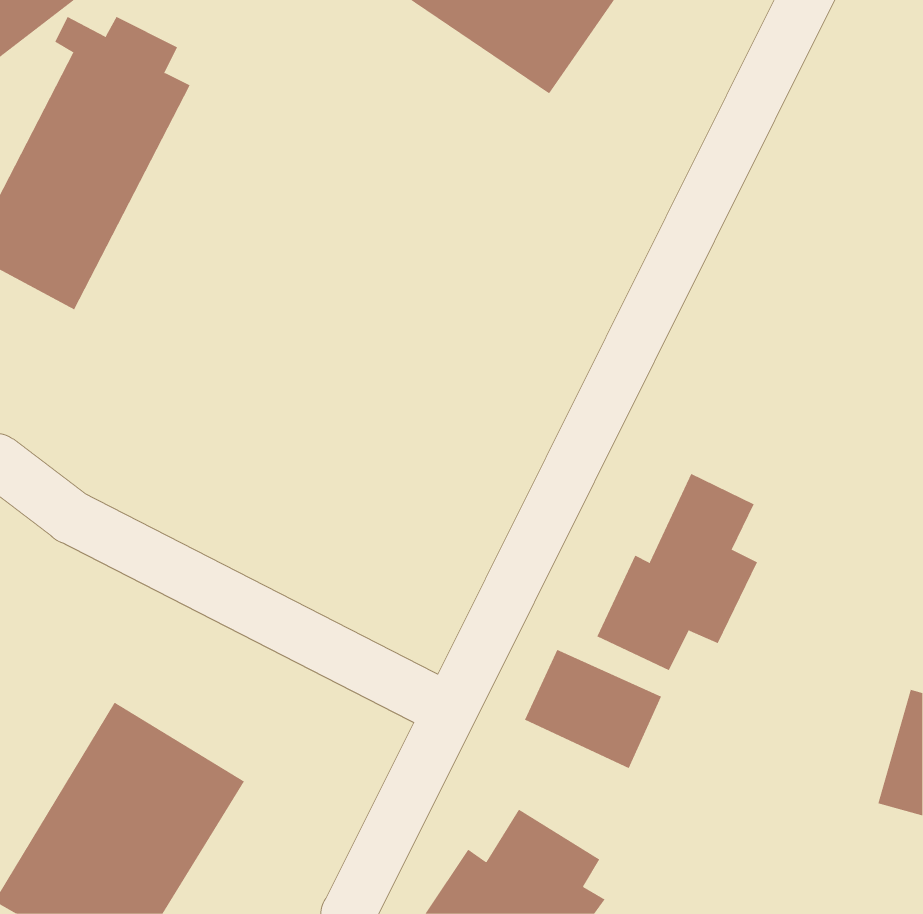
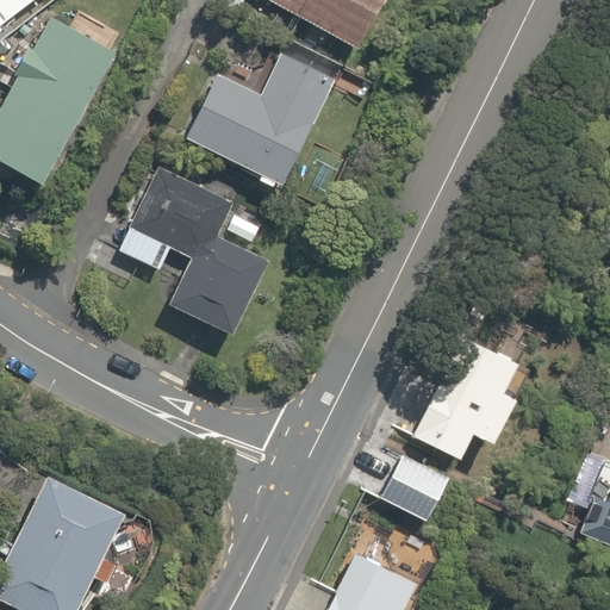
building: none -> [174,57,338,201]
building: none -> [110,164,275,344]

